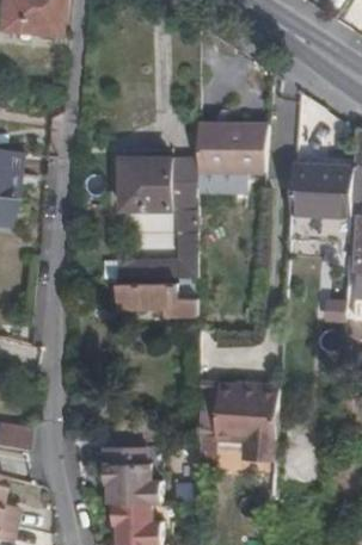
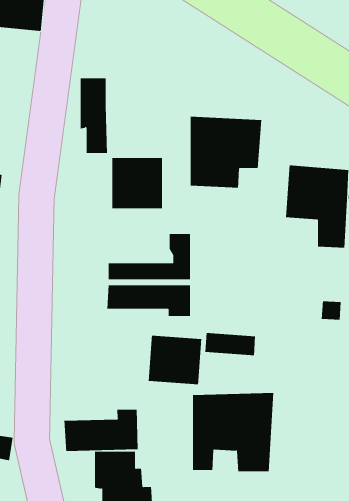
building: [168,159,196,233] -> [80,78,108,154]
building: none -> [148,335,202,385]
building: none -> [64,409,138,452]

